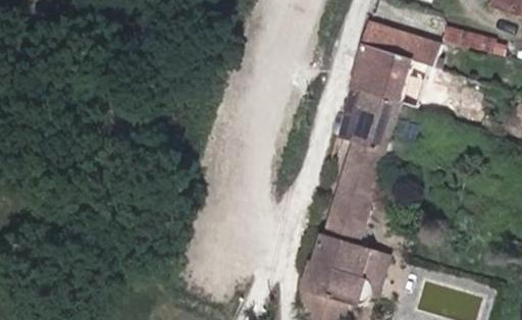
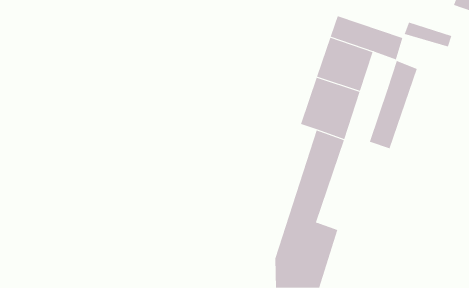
building: none -> [369,60,417,149]

